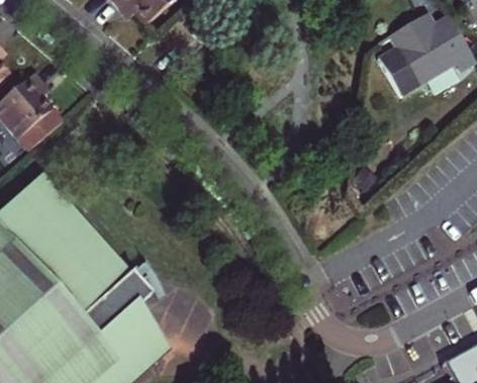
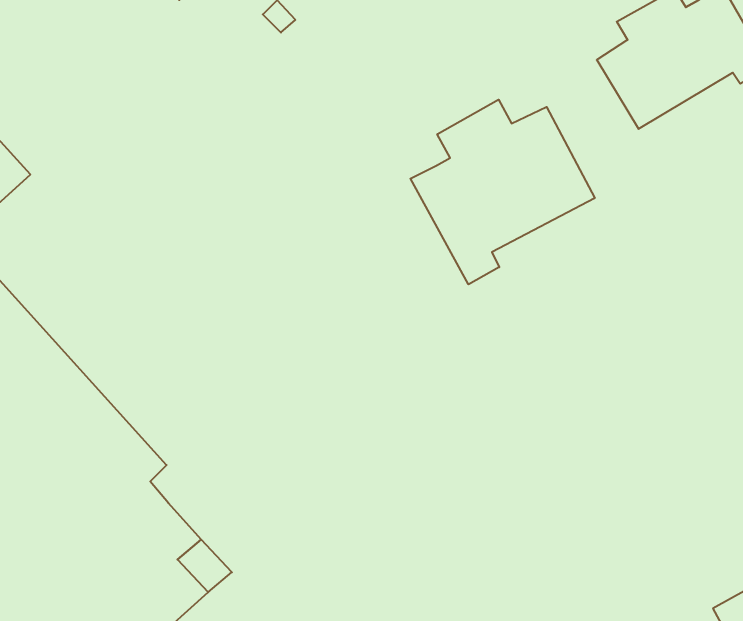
building: none -> [410,100,595,284]

